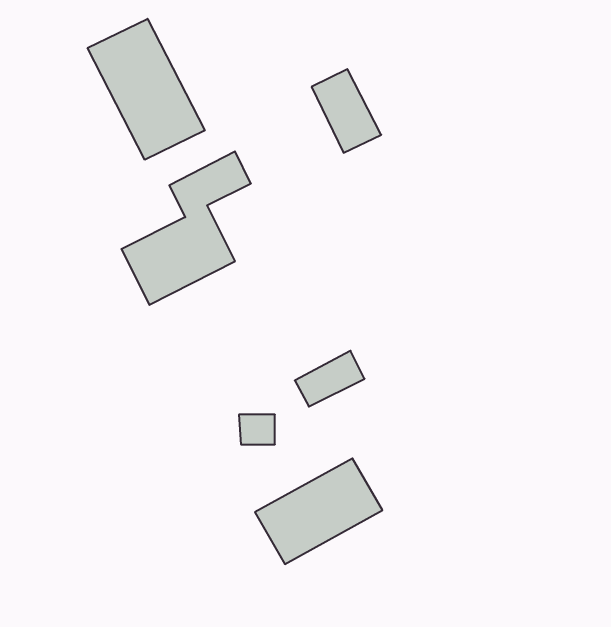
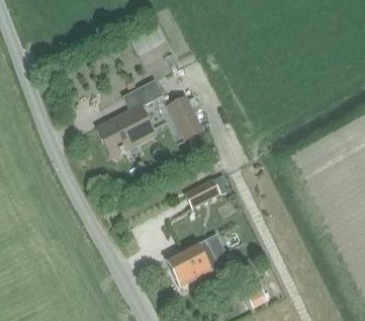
building: [88,19,205,160] -> none
building: [312,69,381,153] -> [167,96,202,139]

